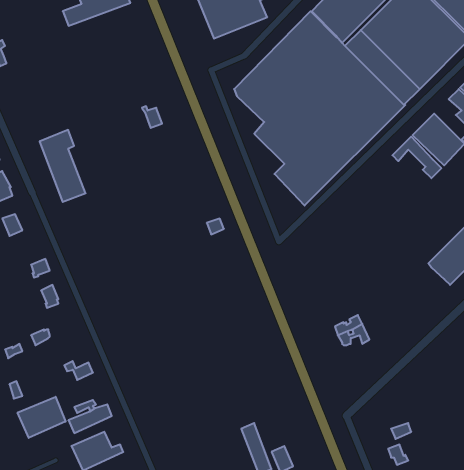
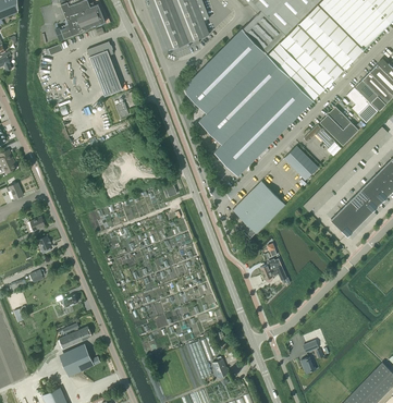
building: [40,130,86,202] -> [87,41,122,96]
building: none -> [283,146,318,183]
building: none -> [233,181,285,239]
building: [18,397,66,438] -> none

